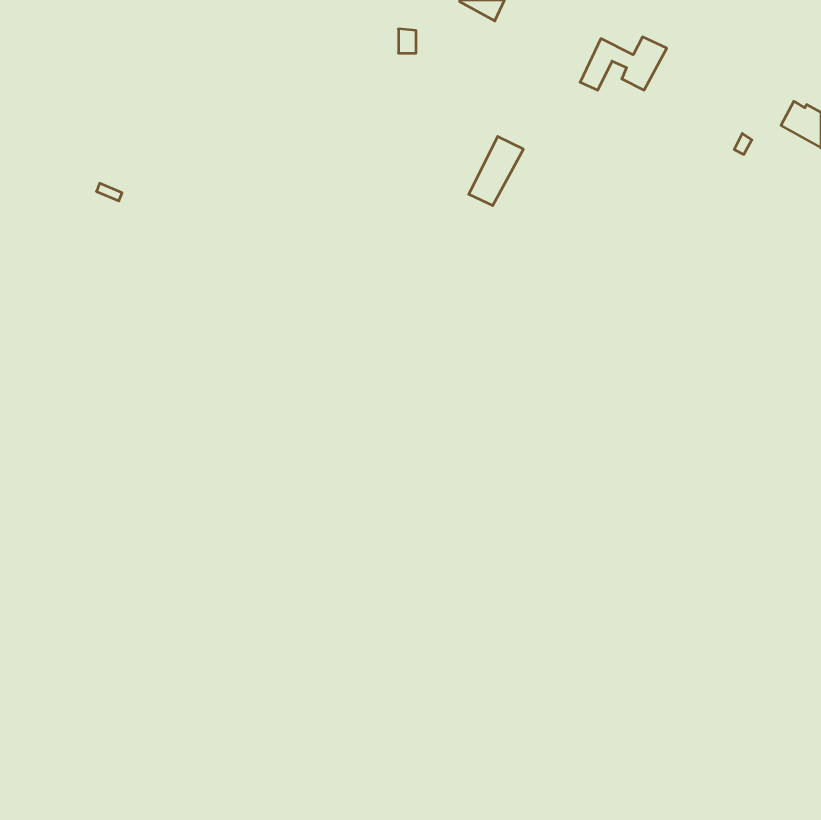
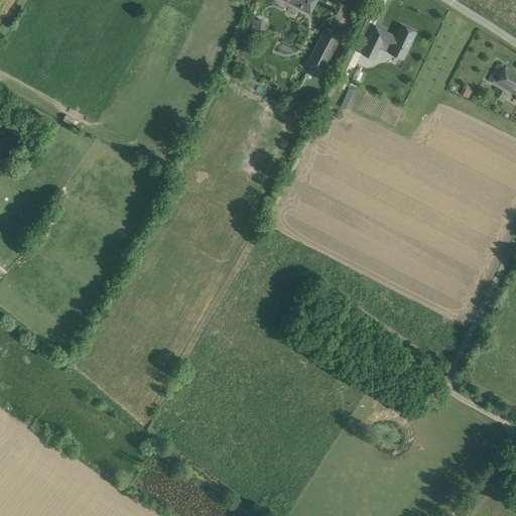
building: [469,136,523,206] -> [307,28,342,72]

